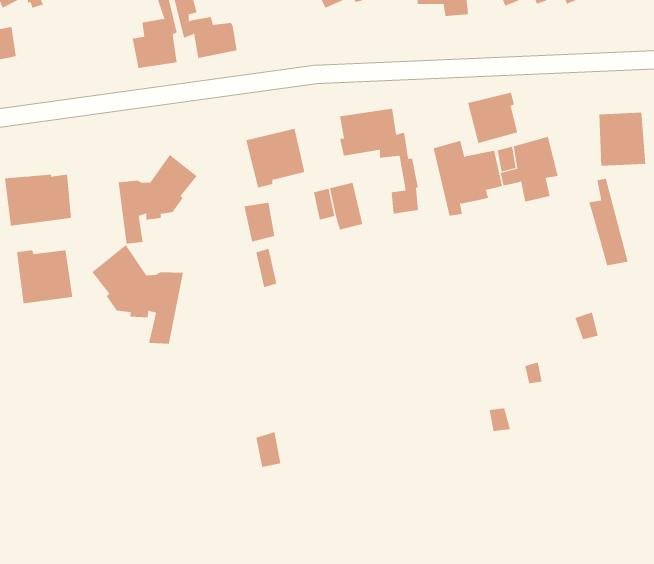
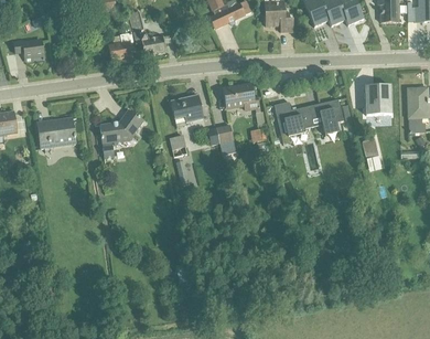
building: [467,92,518,144] -> none
building: [92,244,183,344] -> none
building: [16,249,73,304] -> none

